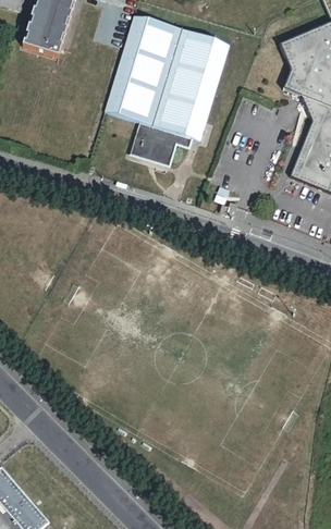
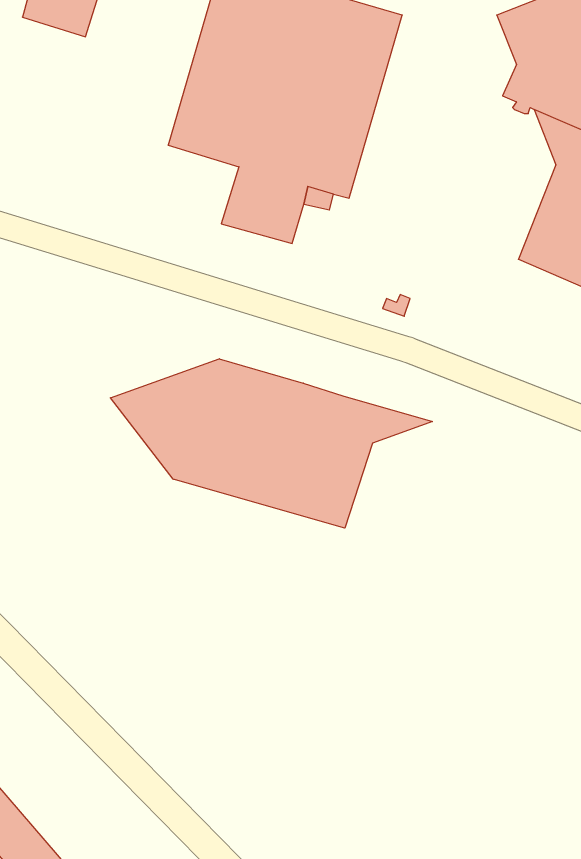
building: none -> [110,359,432,528]

